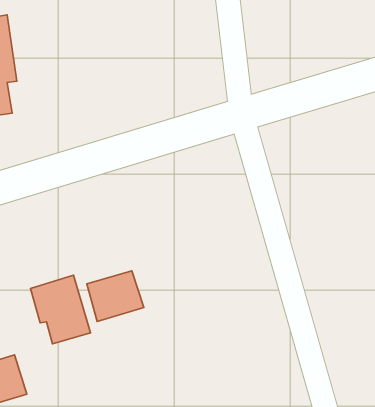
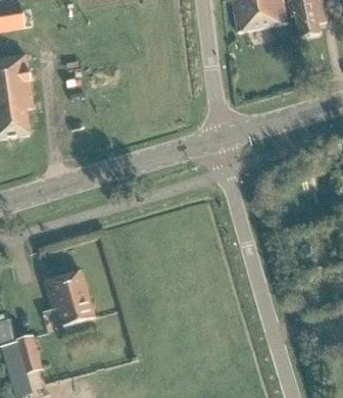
building: [87,271,144,322] -> none

